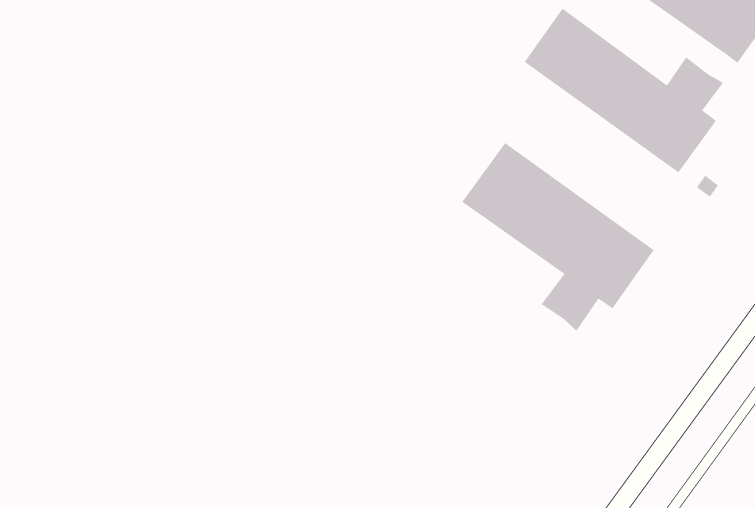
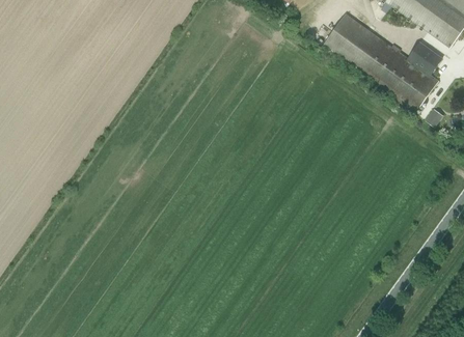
building: [461,142,654,332] -> none

